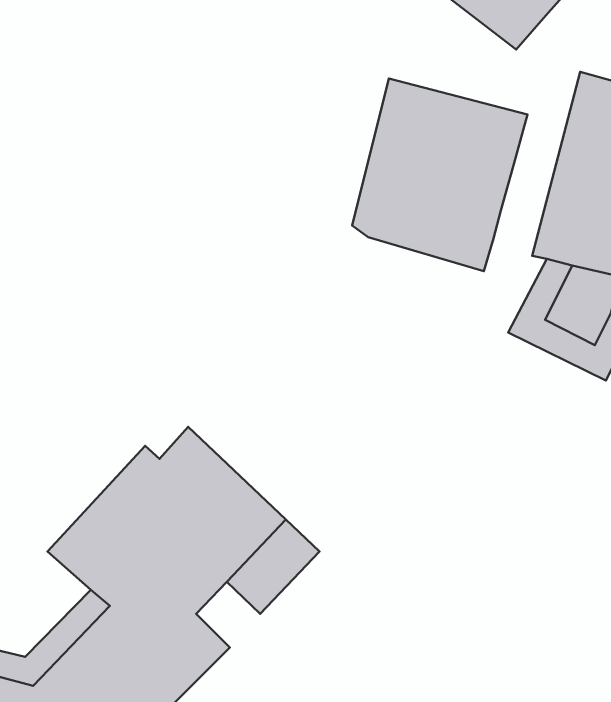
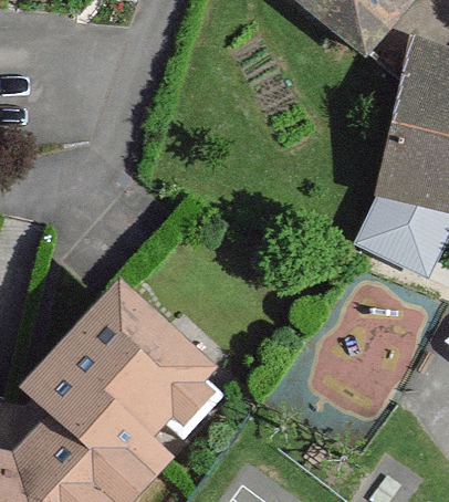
building: [352,78,528,271] -> none

